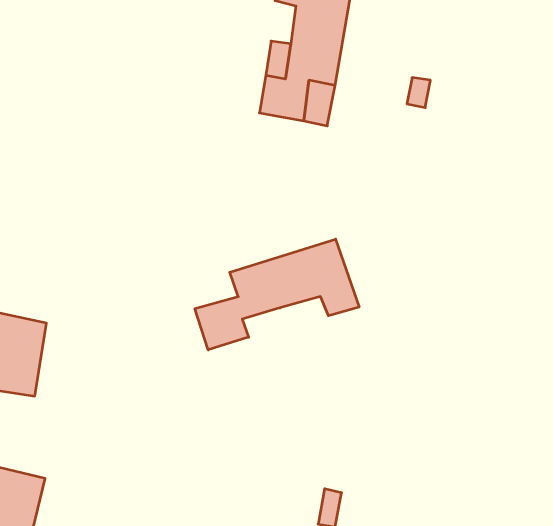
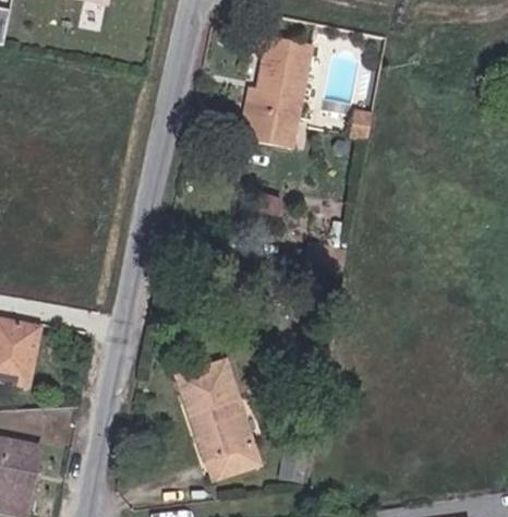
building: [195,239,359,350] -> none
building: none -> [177,371,256,484]

